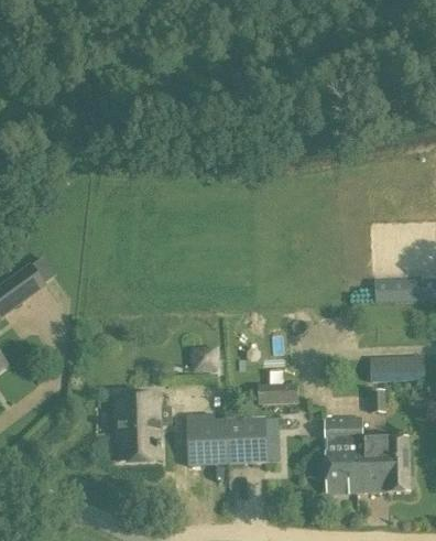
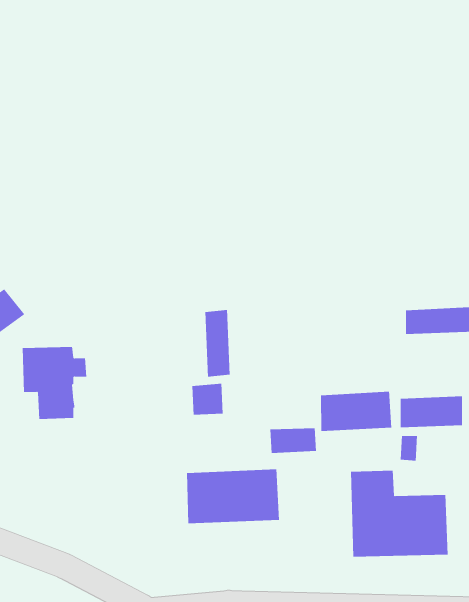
building: none -> [205,309,230,378]
building: none -> [320,391,392,432]
building: [115,397,171,459] -> [22,346,87,419]

